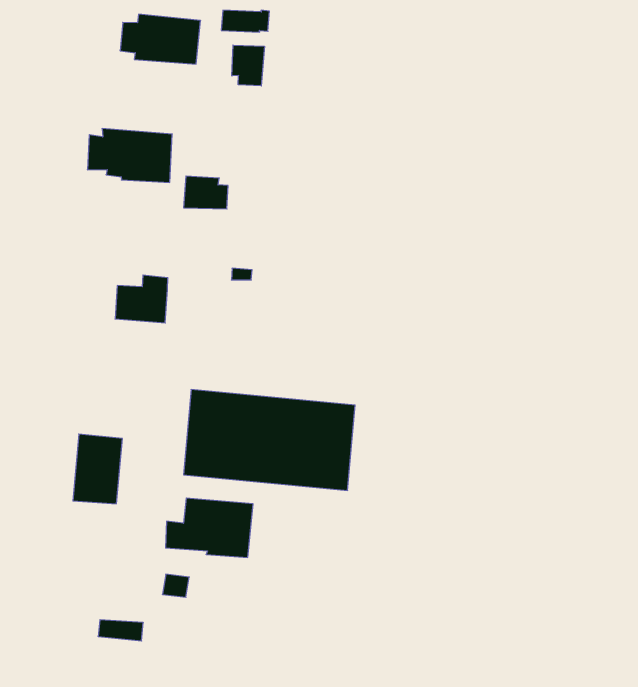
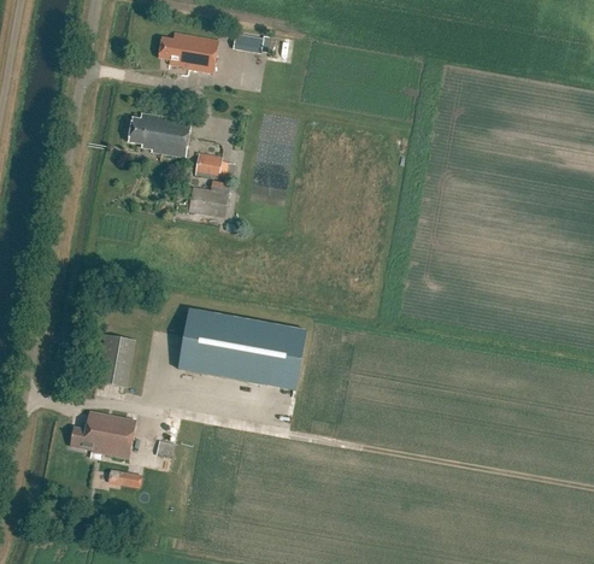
building: [232,45,264,86] -> none
building: [115,275,168,323] -> [188,180,229,216]
building: [166,498,253,557] -> [70,410,136,457]

